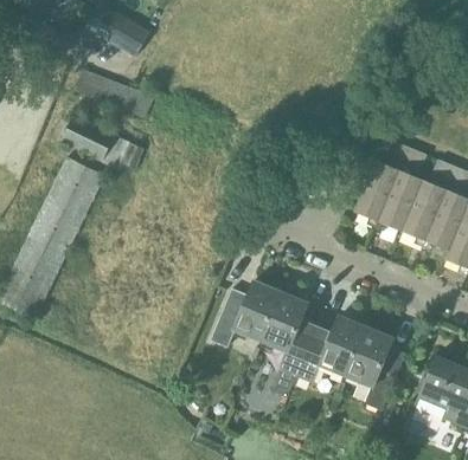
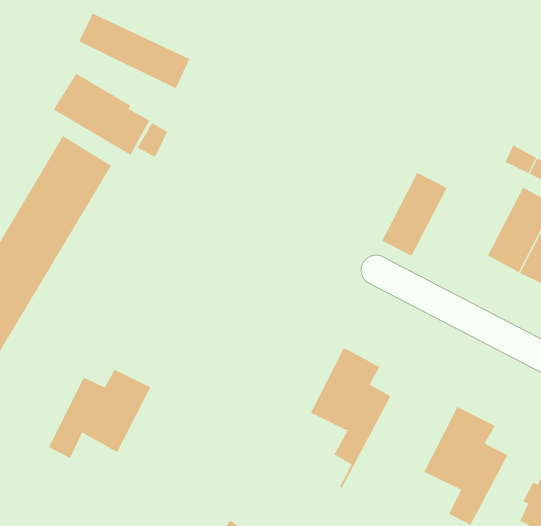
building: [354,158,398,219] -> [382,172,447,257]
building: [210,281,280,348] -> [48,369,151,459]
building: [287,316,364,393] -> none

